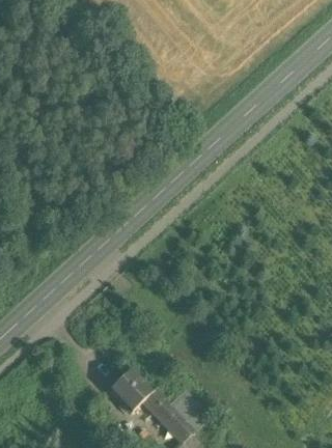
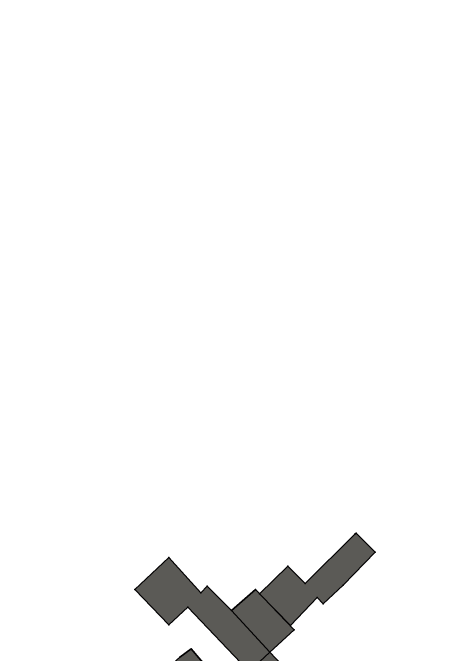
building: none -> [260,533,375,625]

